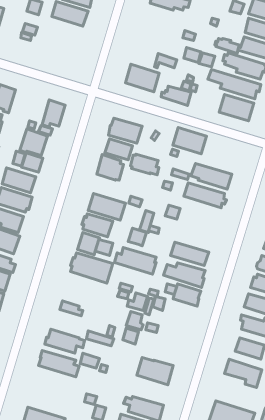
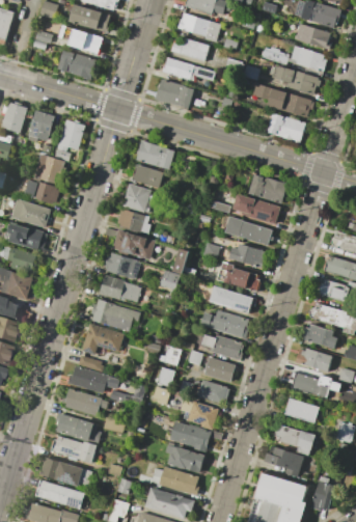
building: none -> [177,10,221,43]
building: none -> [57,26,103,54]
building: none -> [171,38,209,61]
building: none -> [58,50,97,79]
building: [161,86,191,106] -> [159,58,194,81]
building: none -> [27,110,55,142]
building: [173,127,206,154] -> [248,173,287,204]
building: [131,154,159,175] -> [117,210,150,233]
building: none -> [228,243,267,269]
building: [114,247,156,274] -> [212,262,261,293]
building: none -> [82,324,125,357]
building: none -> [204,358,236,383]
building: none -> [67,366,120,394]
building: none -> [198,380,227,405]
building: none -> [183,402,219,431]
building: none -> [50,436,97,464]
building: none -> [266,445,304,476]
building: none -> [167,447,204,474]
building: none -> [39,457,93,490]

